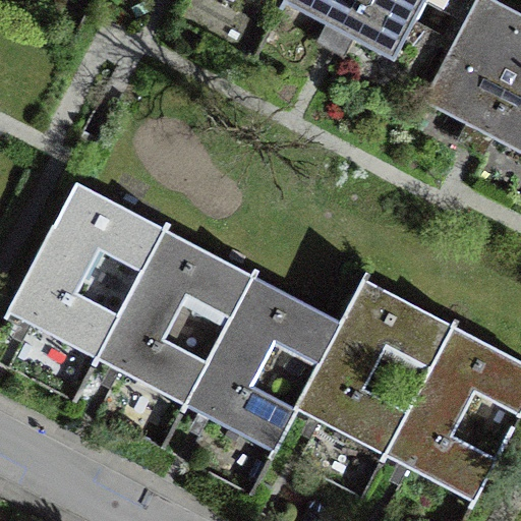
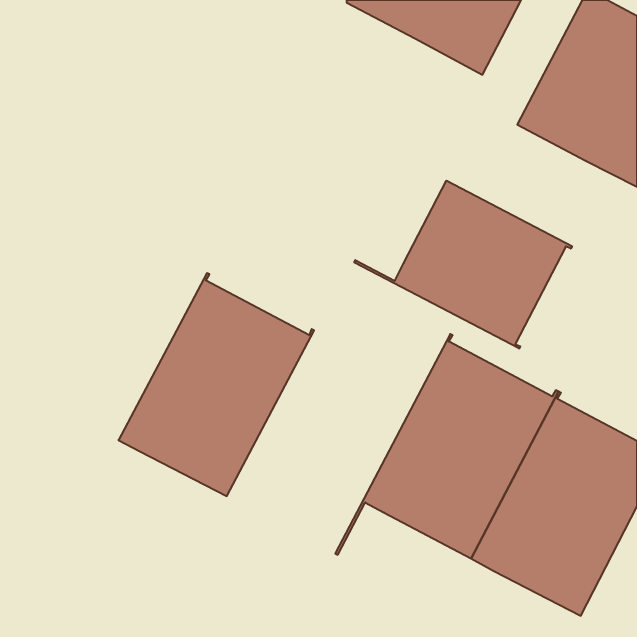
building: none -> [354,181,572,349]
building: [7,175,169,359] -> none
building: [185,270,367,452] -> none

